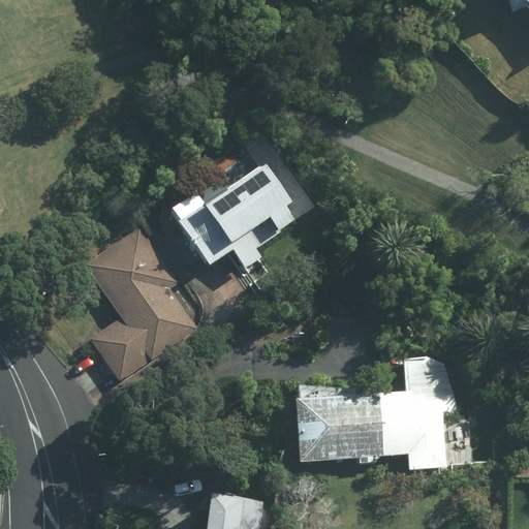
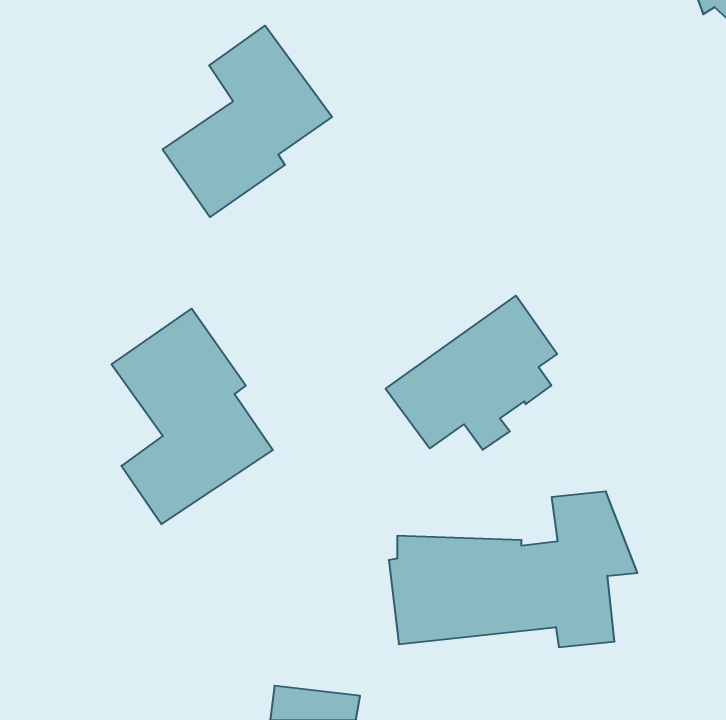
building: none -> [163,26,332,217]
building: [173,158,297,270] -> [386,296,557,450]

